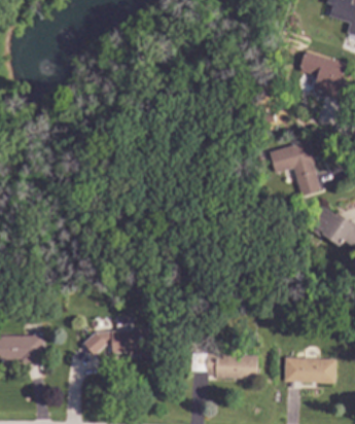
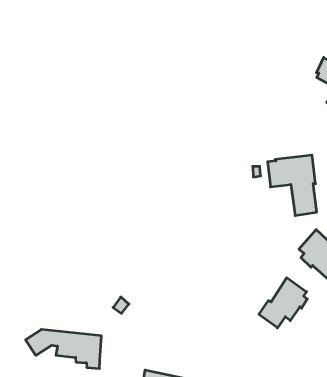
building: none -> [259,278,307,328]

